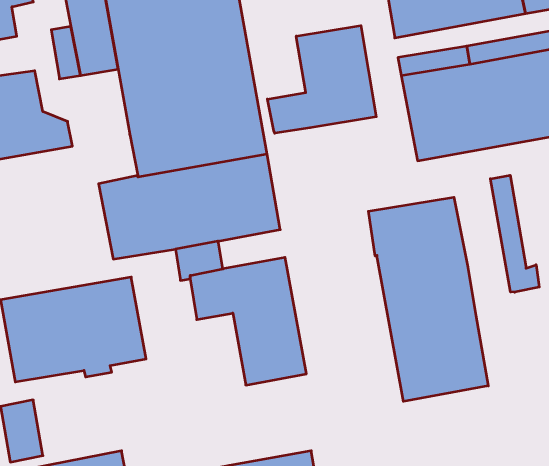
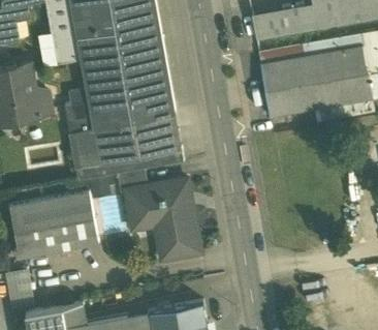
building: [267,26,376,133] -> none
building: none -> [64,101,93,132]
building: [490,175,539,292] -> none
building: [368,197,488,401] -> none

